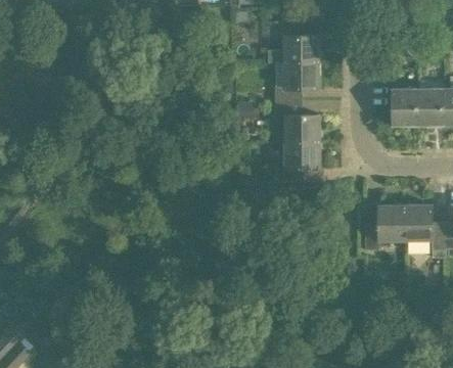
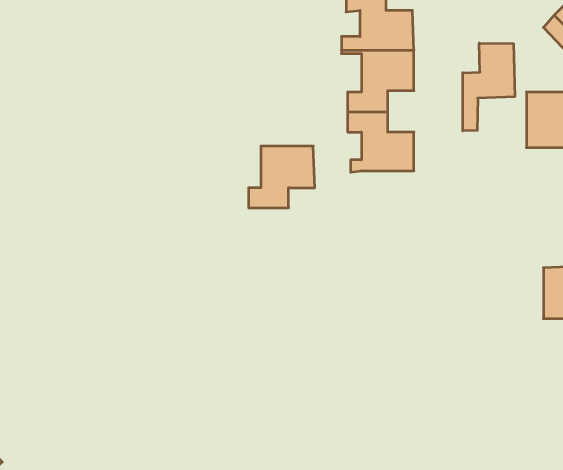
building: none -> [463,43,515,131]
building: [276,140,320,181] -> [249,146,315,208]
building: [366,204,405,250] -> none

